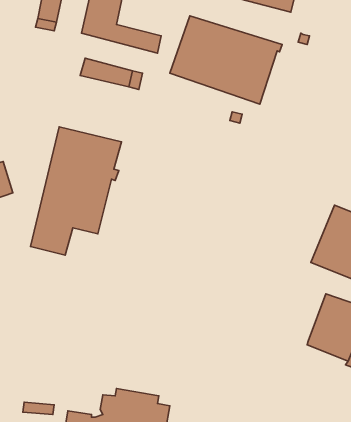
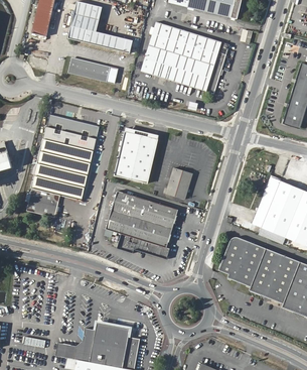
building: none -> [112,129,156,182]
building: none -> [165,167,192,198]
building: none -> [103,191,176,259]
building: none -> [218,237,265,286]

